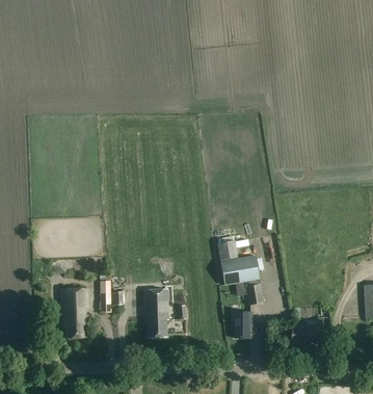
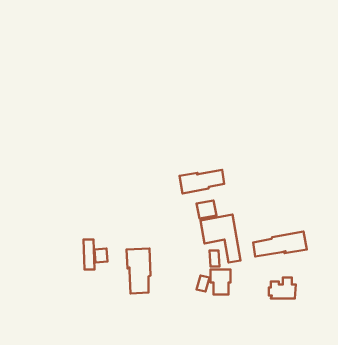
building: none -> [179,170,224,193]
building: none -> [253,231,307,257]
building: [61,289,88,338] -> none

